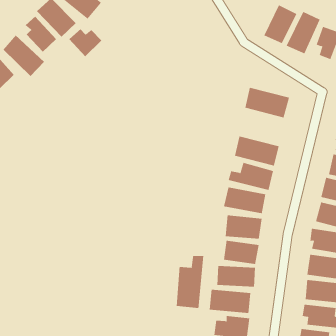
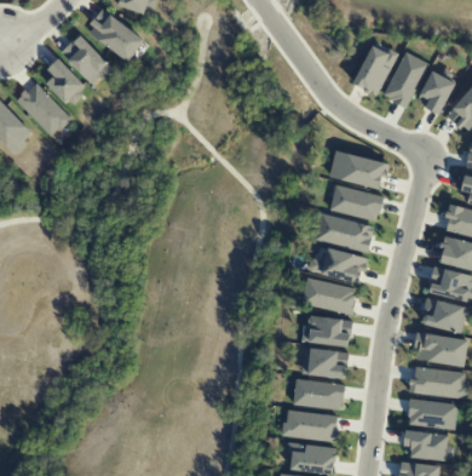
building: [69,28,102,57] -> none
building: none -> [330,187,382,219]
building: [176,255,204,309] -> none

